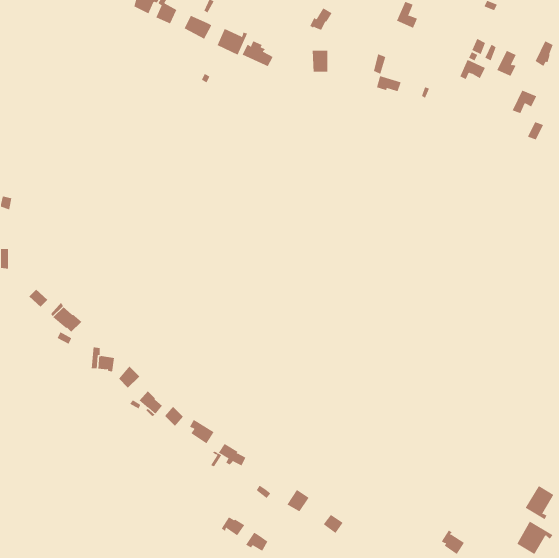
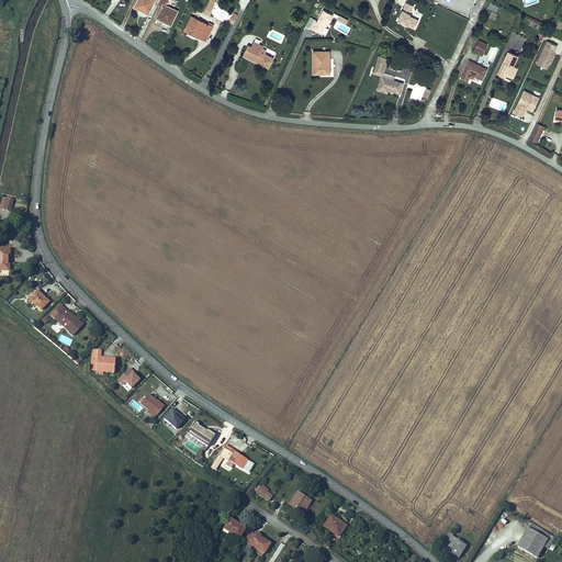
building: [217,28,248,55] -> none
building: [525,485,554,520] -> none

